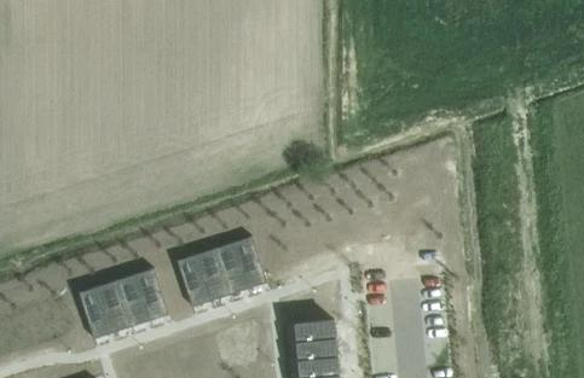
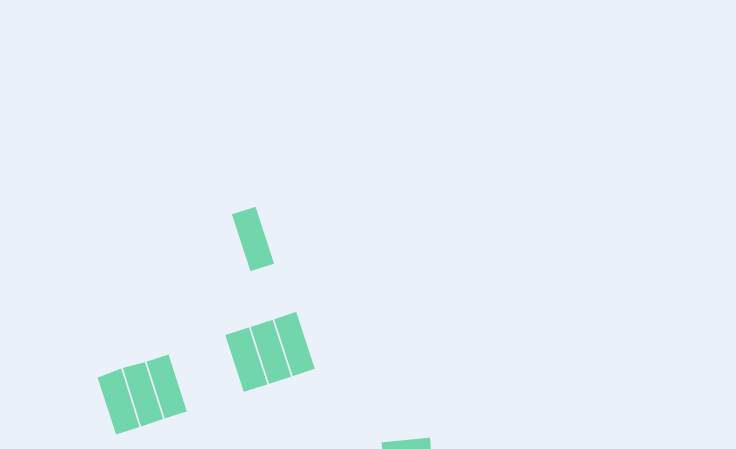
building: [232,237,266,287] -> [231,206,275,272]
building: [134,269,168,320] -> none
building: [295,321,335,343] -> none

